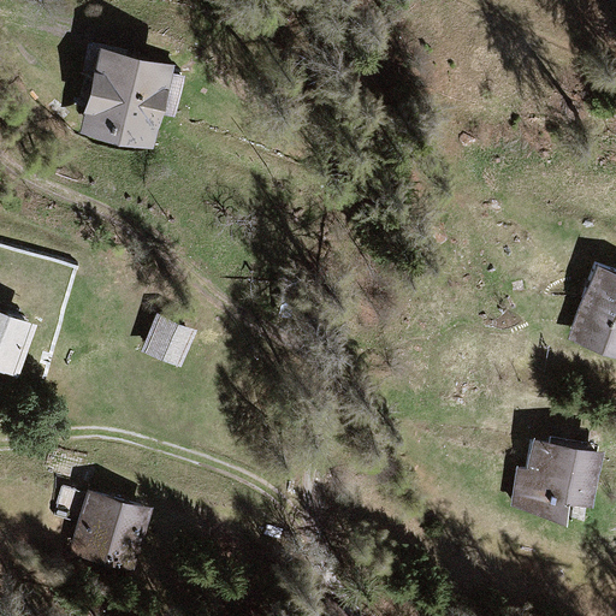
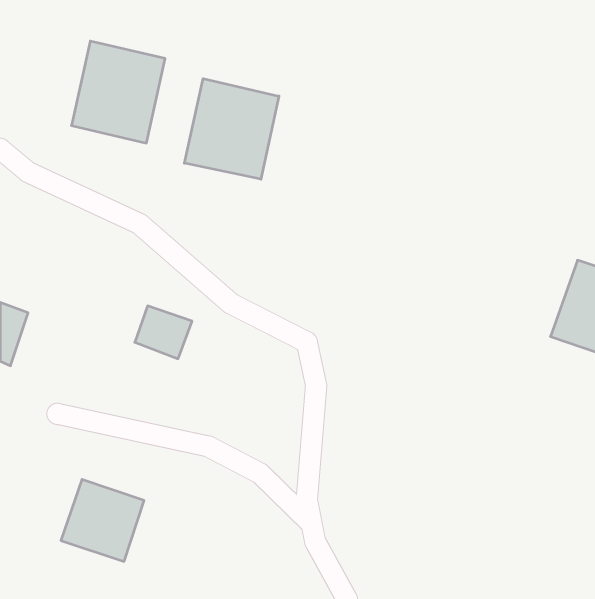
building: none -> [184,79,279,179]
building: [520,439,600,523] -> none

